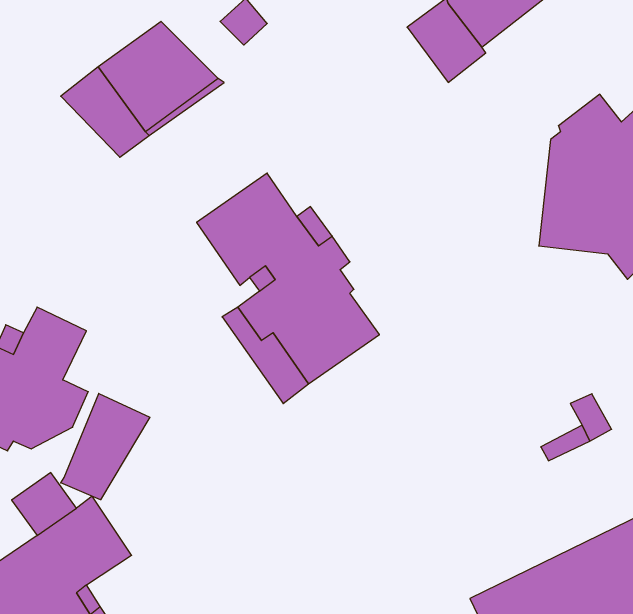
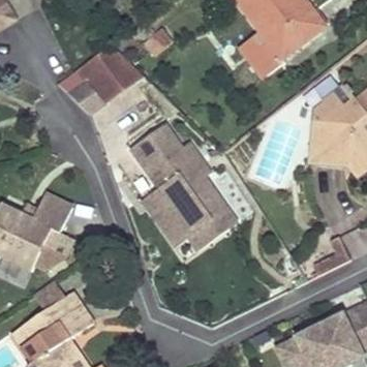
building: none -> [189,183,239,246]
building: [61,393,150,500] -> none

